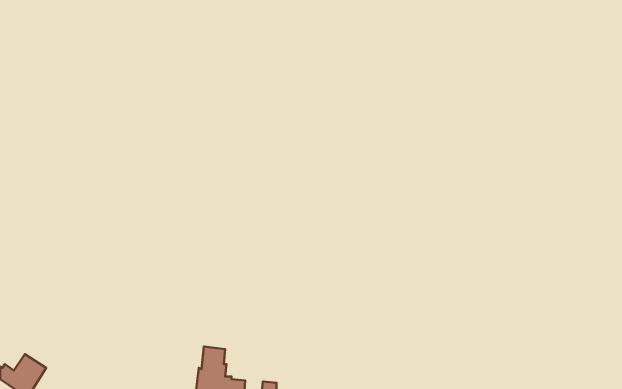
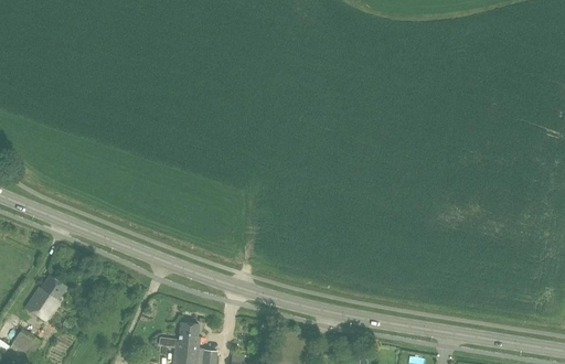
building: none -> [25,275,66,320]

